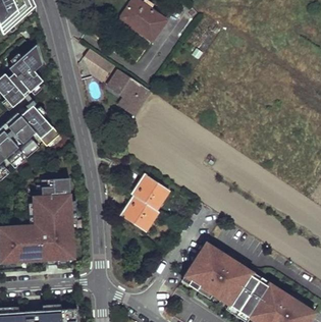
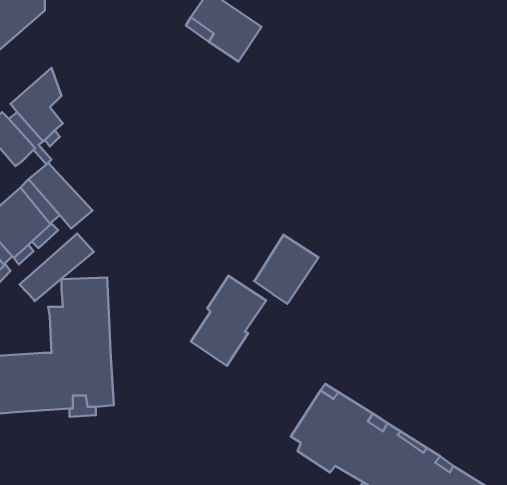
building: [77,48,113,81] -> none
building: [107,70,151,104] -> none
building: none -> [19,234,94,301]
building: none -> [254,235,318,304]

